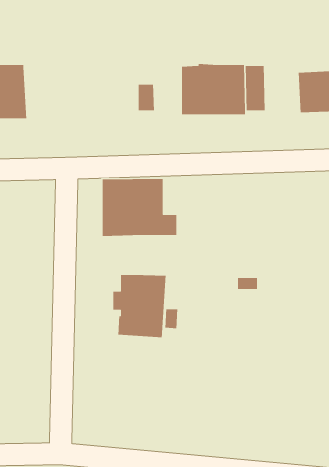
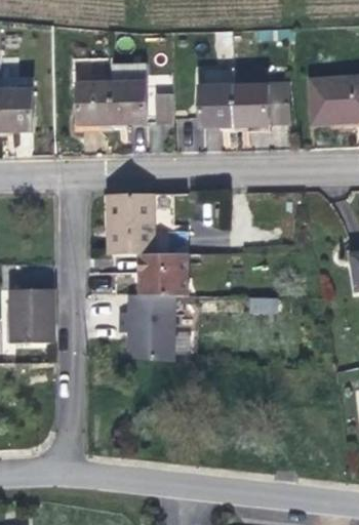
building: none -> [74,64,139,126]
building: none -> [141,253,190,294]
building: none -> [10,287,53,342]

